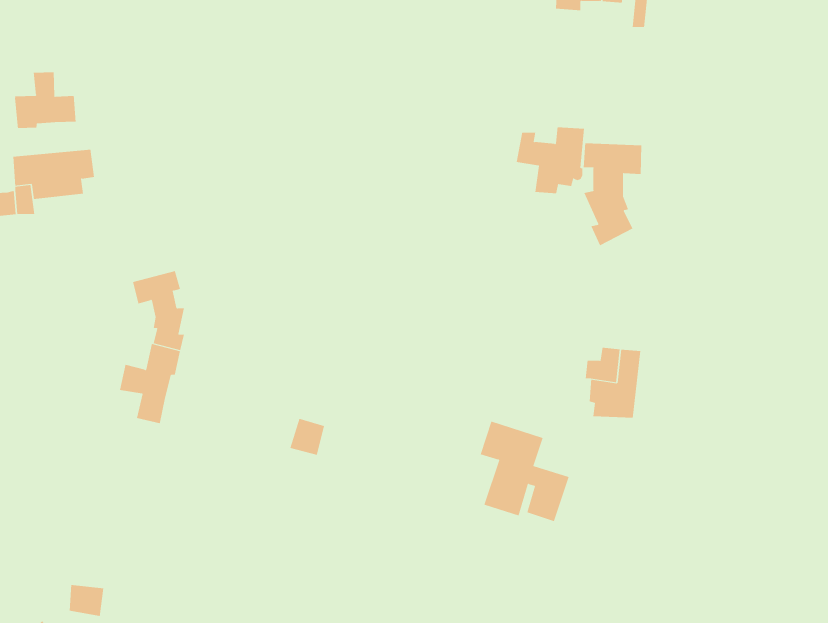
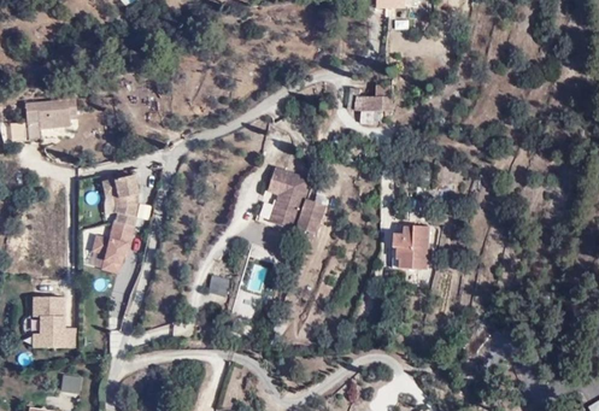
building: [15,72,76,129] -> none
building: [583,143,642,246] -> none
building: [480,421,570,522] -> [271,170,329,235]
building: none -> [30,298,74,347]

